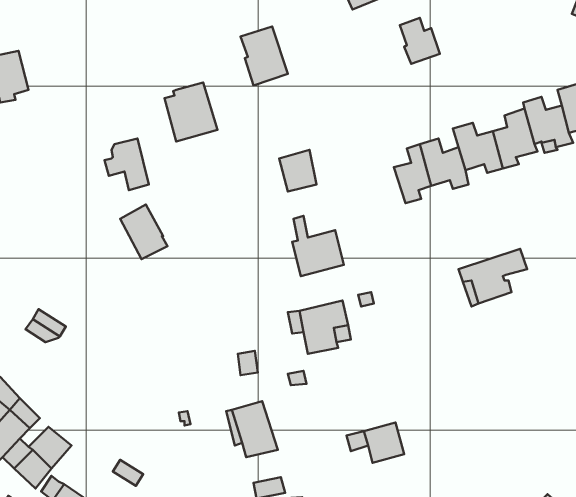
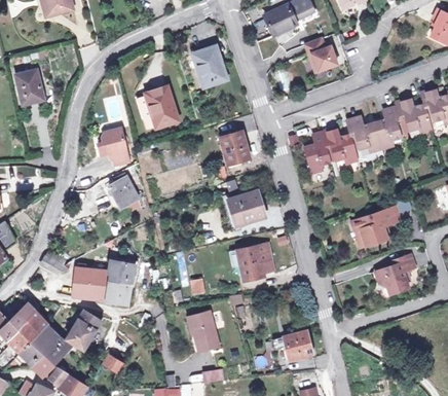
building: none -> [374,253,414,294]
building: none -> [75,258,137,301]
building: none -> [69,312,103,351]

